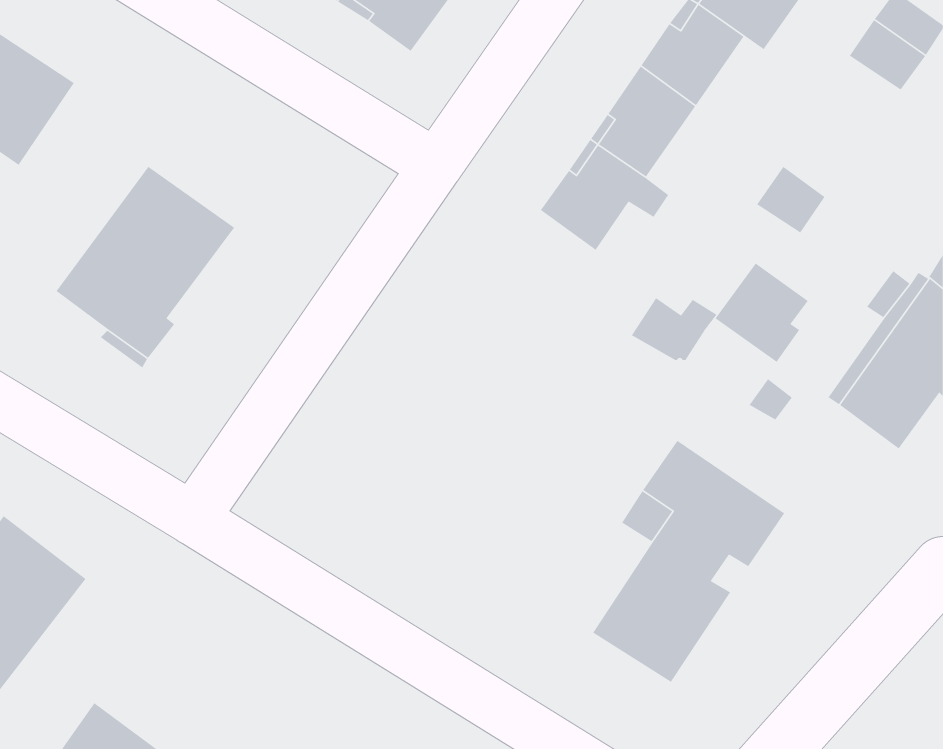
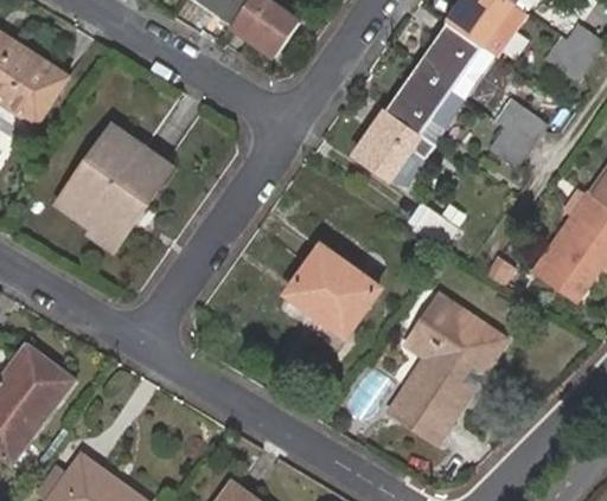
building: none -> [494,99,544,146]
building: [715,263,809,363] -> none
building: none -> [285,244,378,336]

